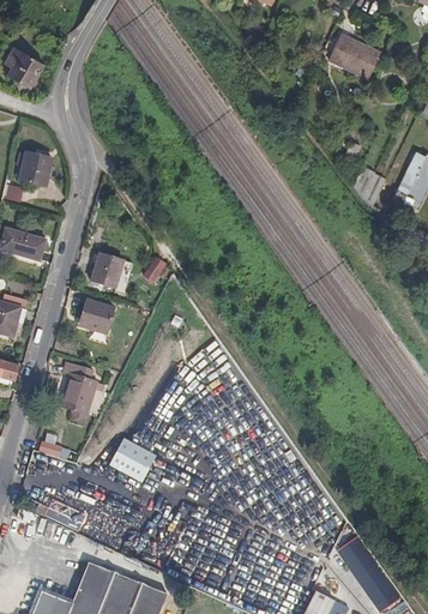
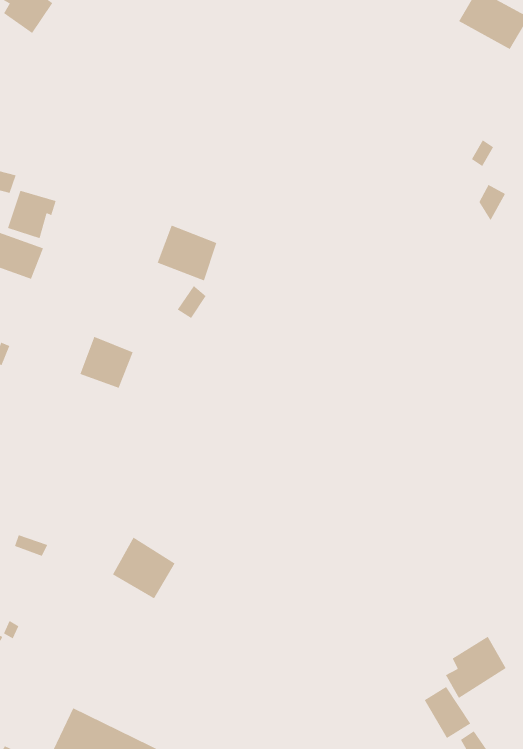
building: [19,152,53,186] -> [7,190,56,239]
building: [90,253,132,291] -> [157,225,217,281]
building: [60,363,97,425] -> none
building: none -> [445,636,507,699]

